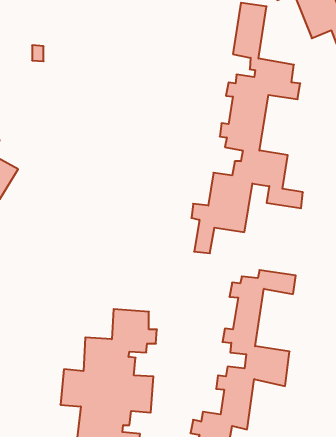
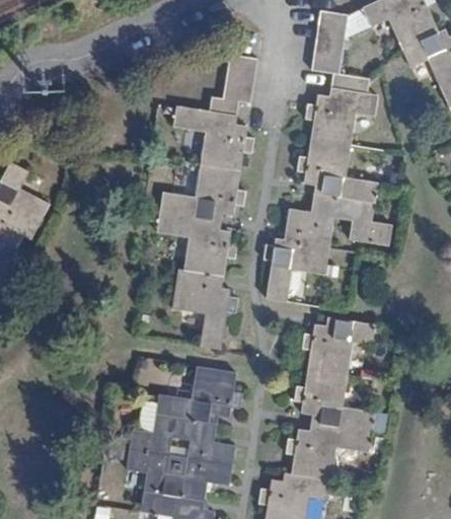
building: none -> [159,56,257,353]

